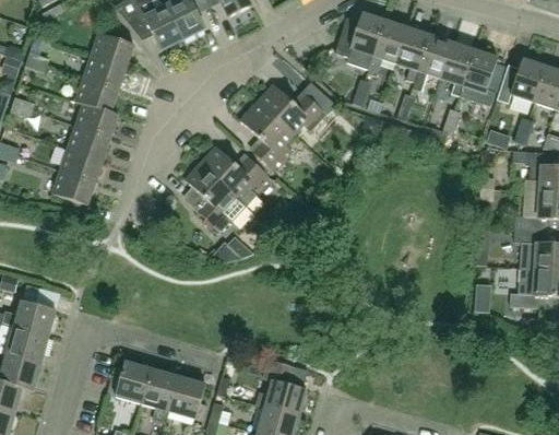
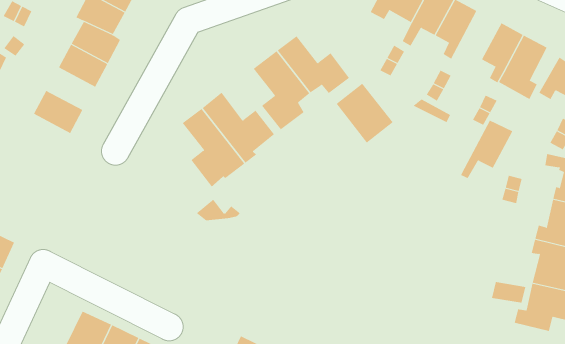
building: [412,35,452,91] -> [460,120,513,179]
building: none -> [336,83,394,143]
building: [59,149,103,183] -> none

